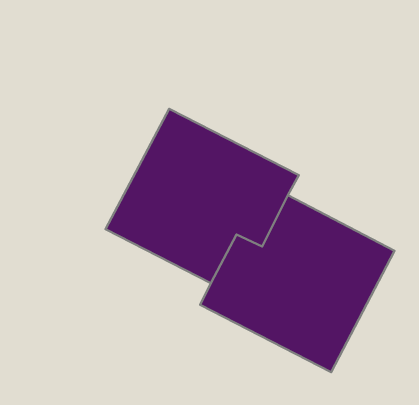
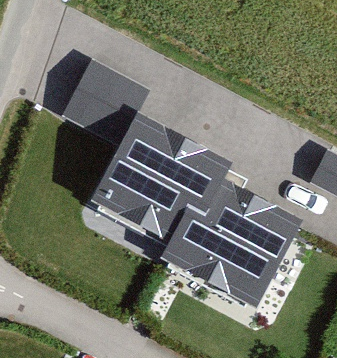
building: none -> [60,63,134,143]

